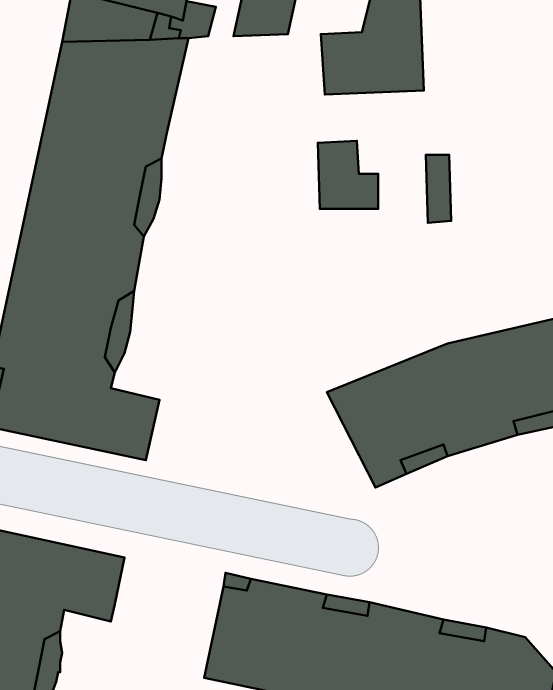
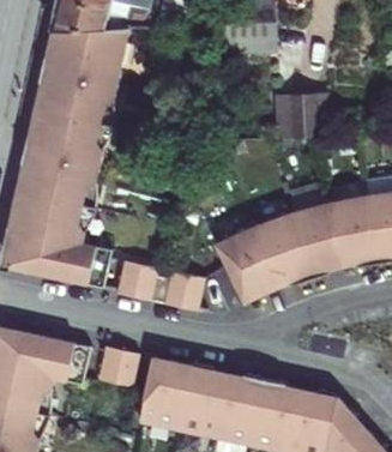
building: [318,141,378,209] -> [289,96,326,138]
building: none -> [116,260,203,309]
building: none -> [97,344,138,385]

